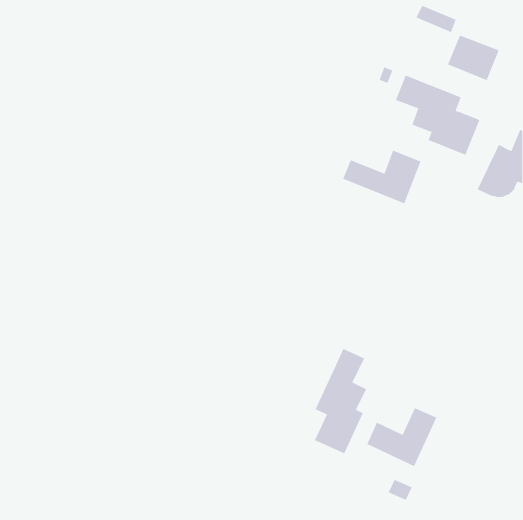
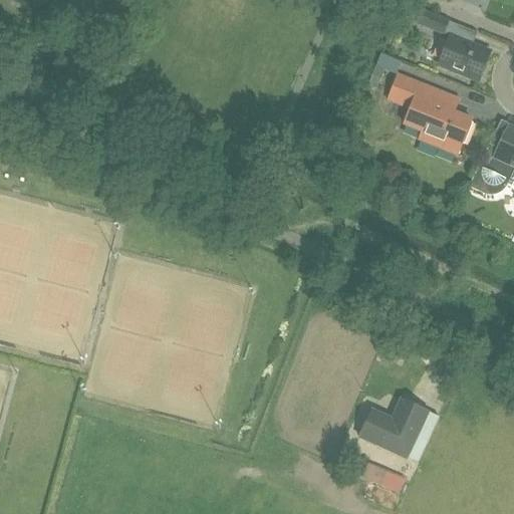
building: [342,150,421,204] -> none
building: [314,348,367,454] -> none

